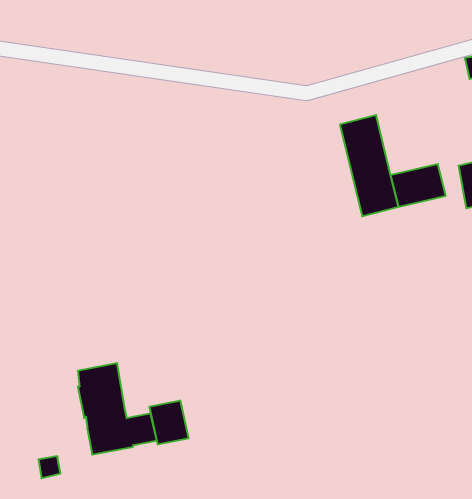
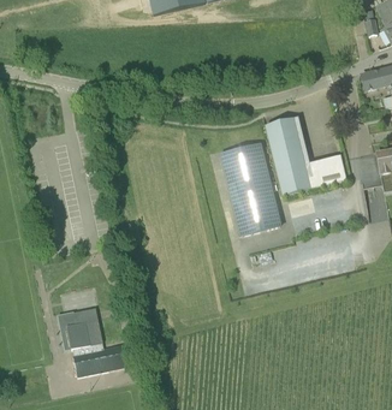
building: none -> [220,143,280,234]
building: [149,400,188,445] -> none

